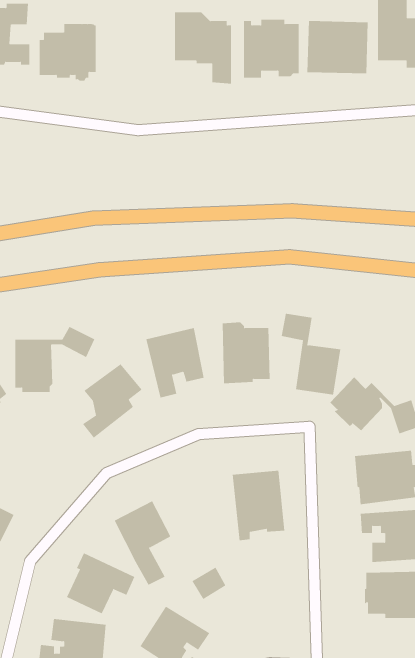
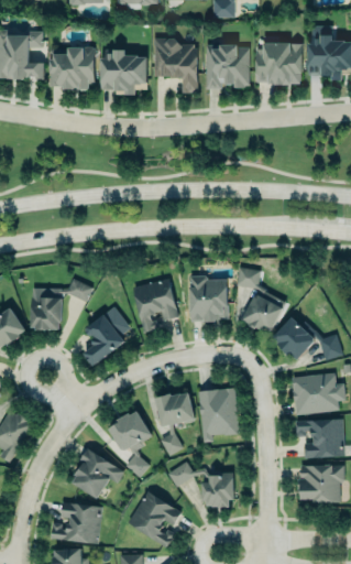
building: none -> [101,48,147,95]
building: none -> [155,393,196,457]
building: none -> [202,474,233,509]

